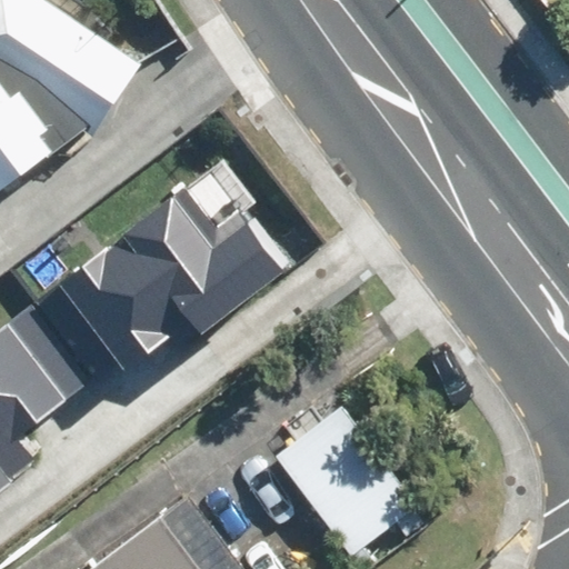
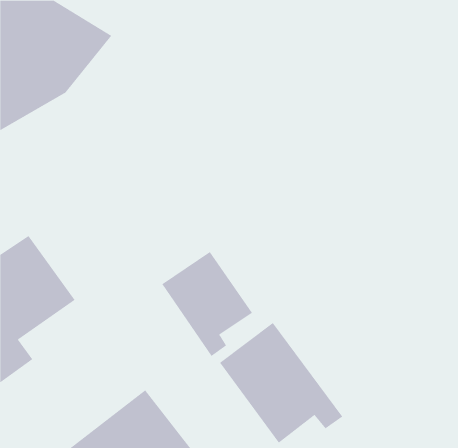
building: [60,189,287,377] -> none
building: none -> [162,251,253,357]

